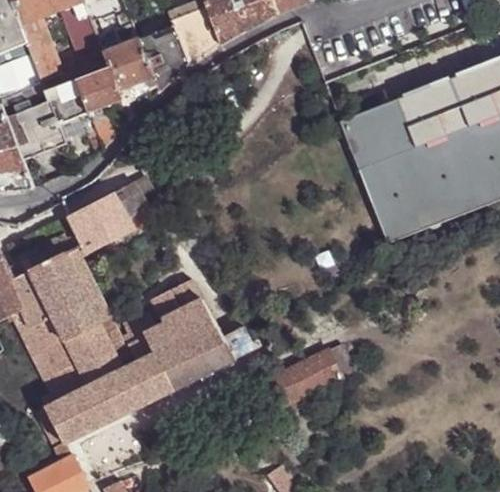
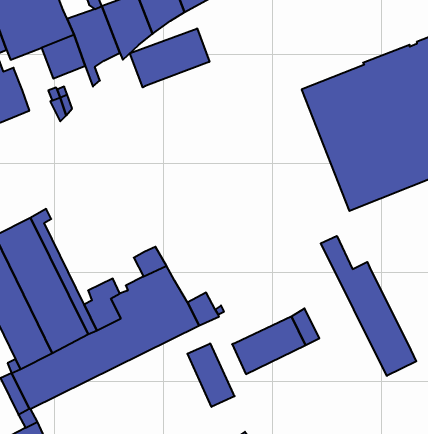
building: none -> [130,28,209,87]
building: [46,79,89,122] -> none
building: [68,180,147,251] -> none
building: none -> [321,236,416,376]
building: none -> [187,343,235,407]

